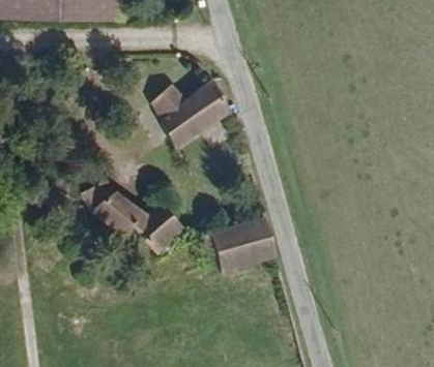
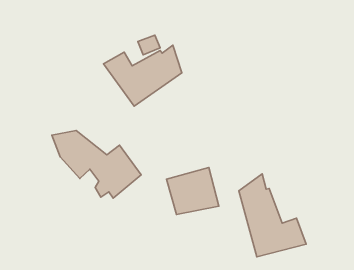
building: none -> [239,174,306,257]

